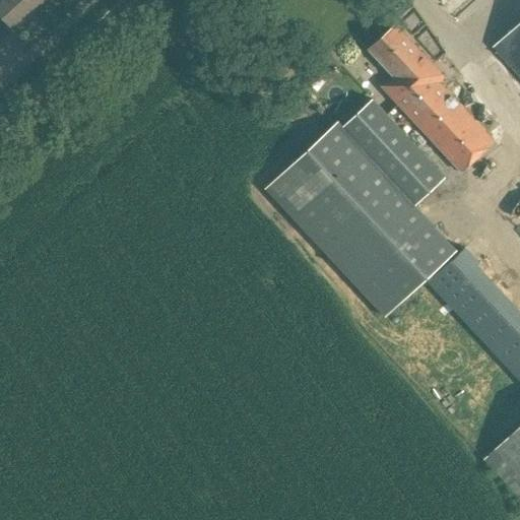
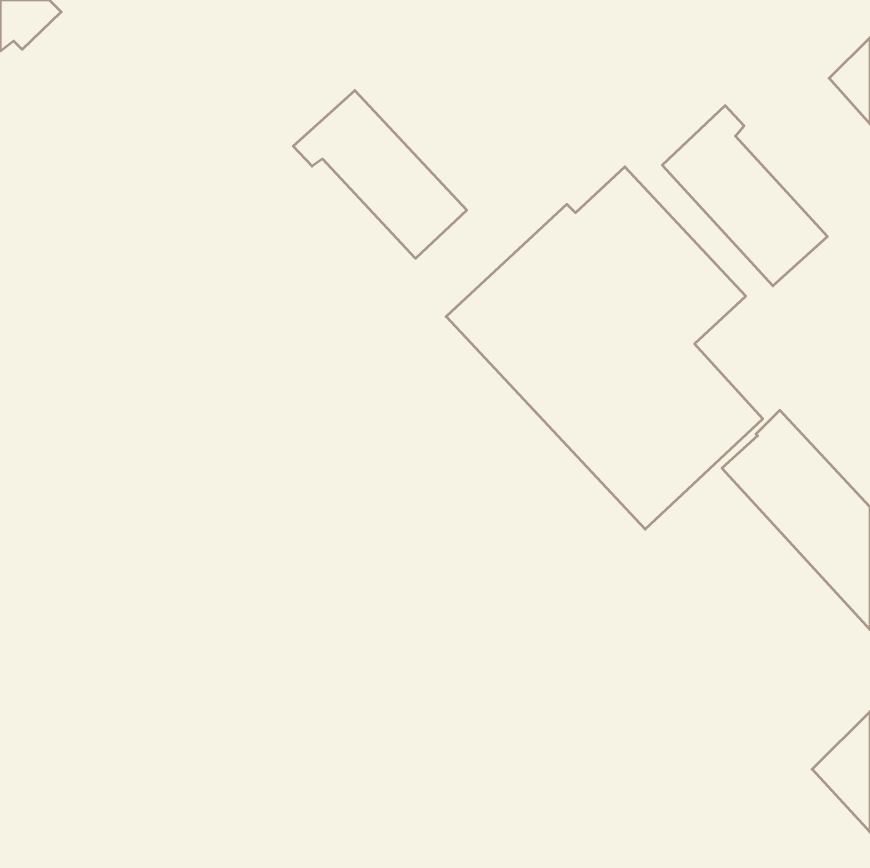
building: [370,25,433,100] -> none
building: none -> [293,90,467,258]

